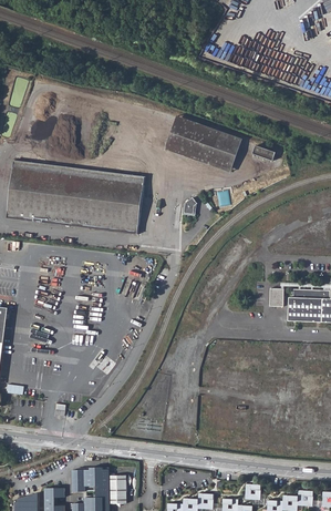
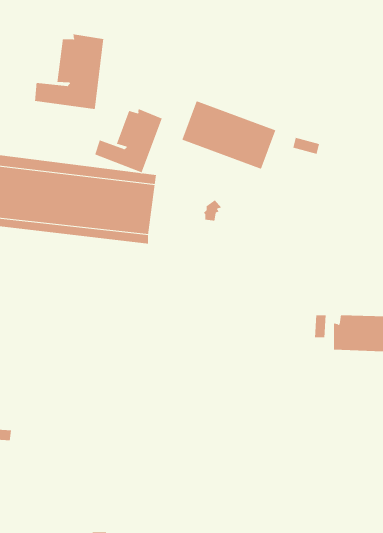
building: none -> [34,34,104,110]
building: none -> [94,108,162,173]

